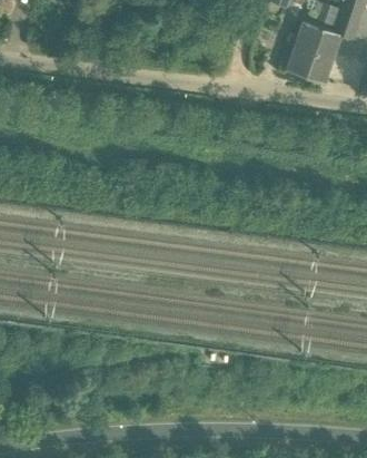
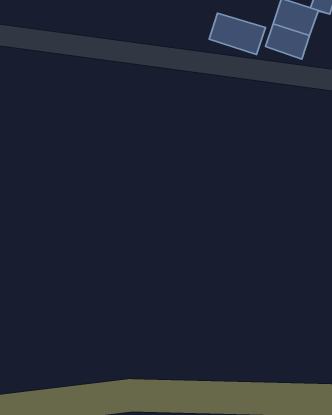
building: none -> [209,13,265,54]

